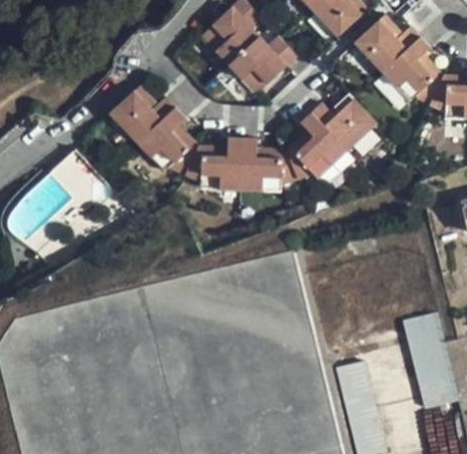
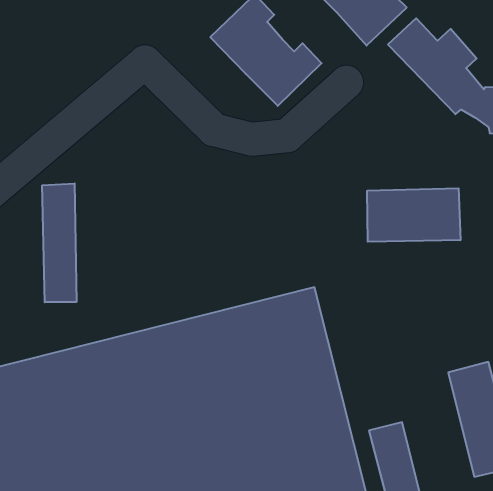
building: [116,95,360,199] -> none
building: none -> [42,183,76,302]
building: none -> [367,188,460,242]

